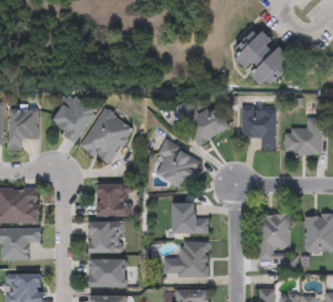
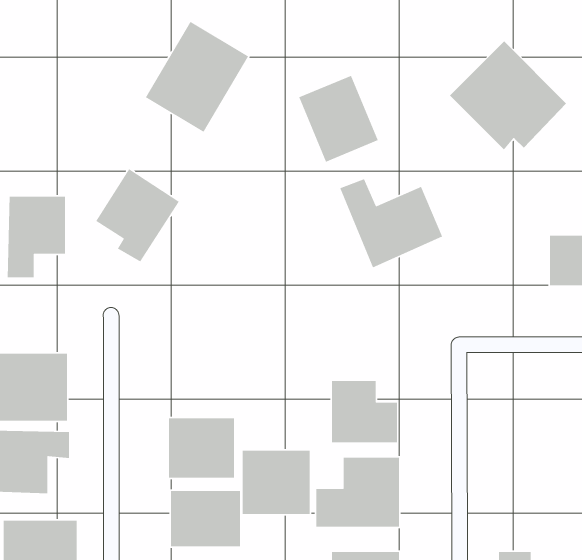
building: none -> [298,75,379,163]
building: [79,108,132,166] -> [145,21,249,133]
building: [241,108,275,150] -> none
building: [155,141,198,189] -> none
building: [96,184,131,217] -> [242,450,311,515]
building: [257,215,288,260] -> none

